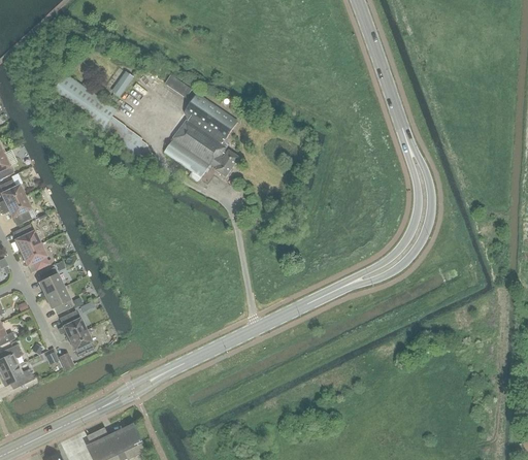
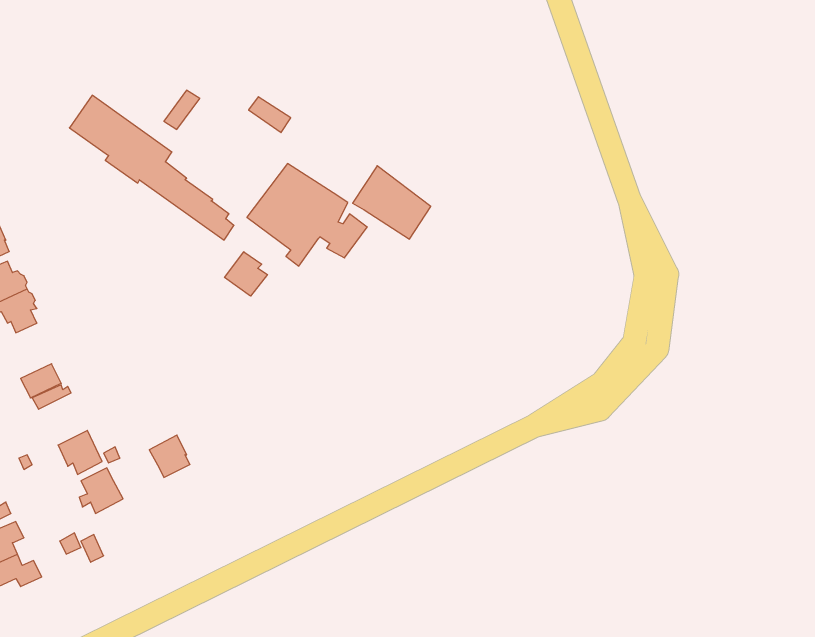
building: [182,89,231,135] -> [353,166,431,239]
building: none -> [225,252,267,296]
building: [13,224,39,253] -> none
building: [37,266,62,295] -> none
building: [67,329,93,356] -> [149,435,190,477]

